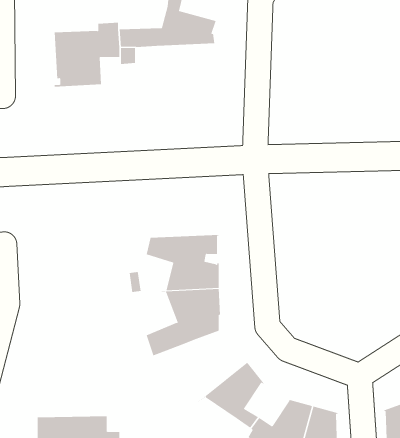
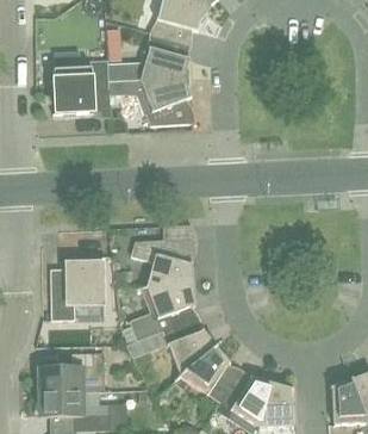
building: none -> [136,78,191,125]
building: none -> [49,256,105,321]
building: none -> [161,327,216,383]
building: none -> [38,353,104,392]

